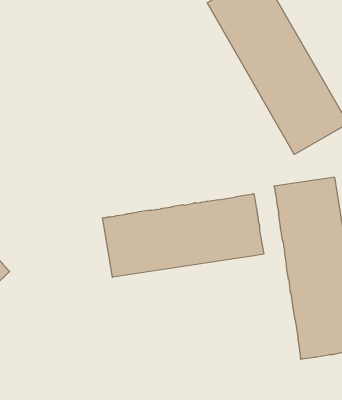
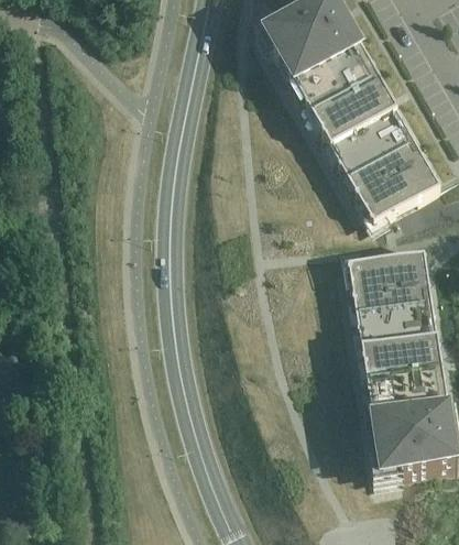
building: [103,194,264,277] -> none

